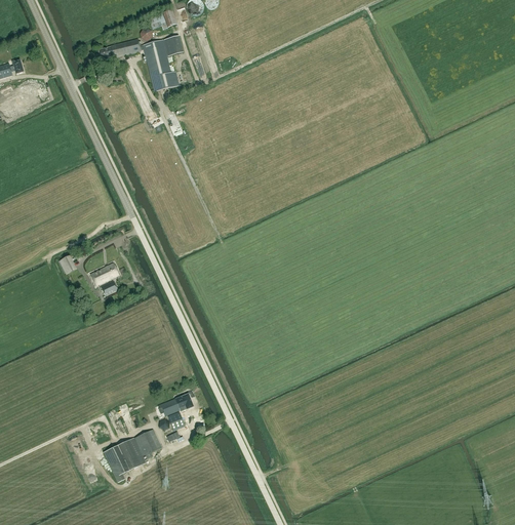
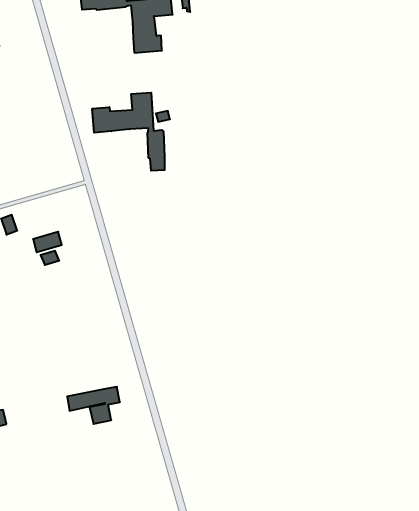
building: none -> [92,93,165,171]
building: [104,428,161,482] -> none

